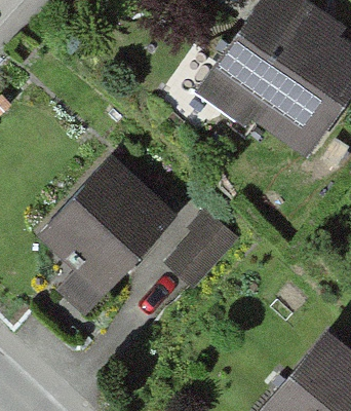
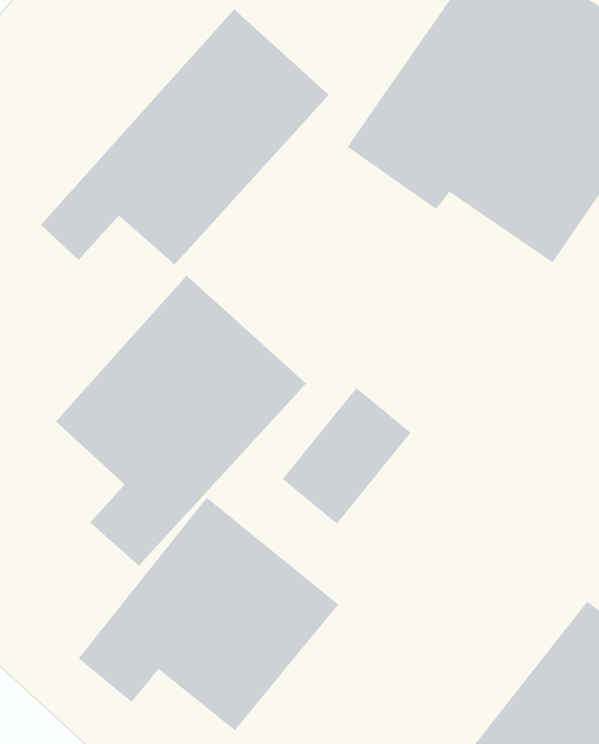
building: none -> [40,8,330,266]
building: none -> [78,497,339,731]

